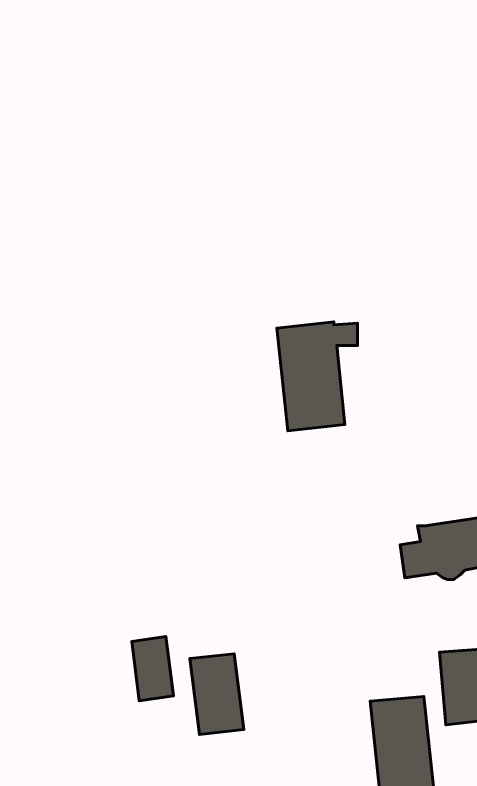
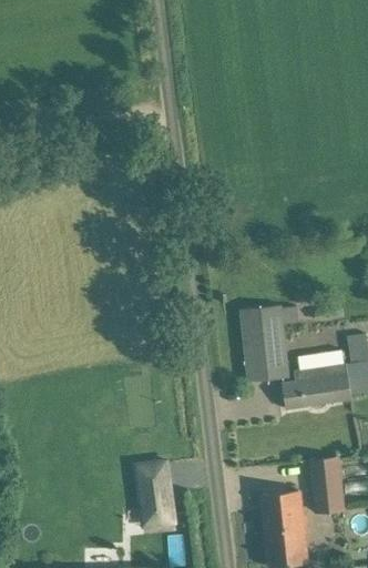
building: [277,322,357,431] -> [241,305,297,382]
building: [132,637,173,701] -> none

